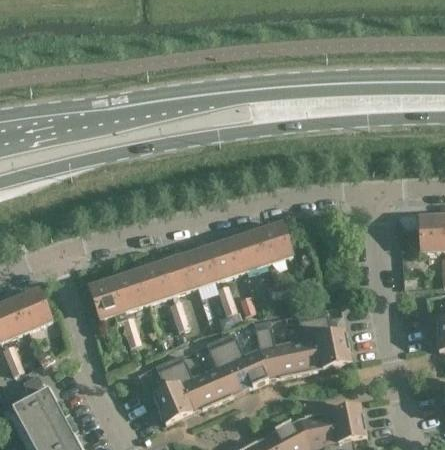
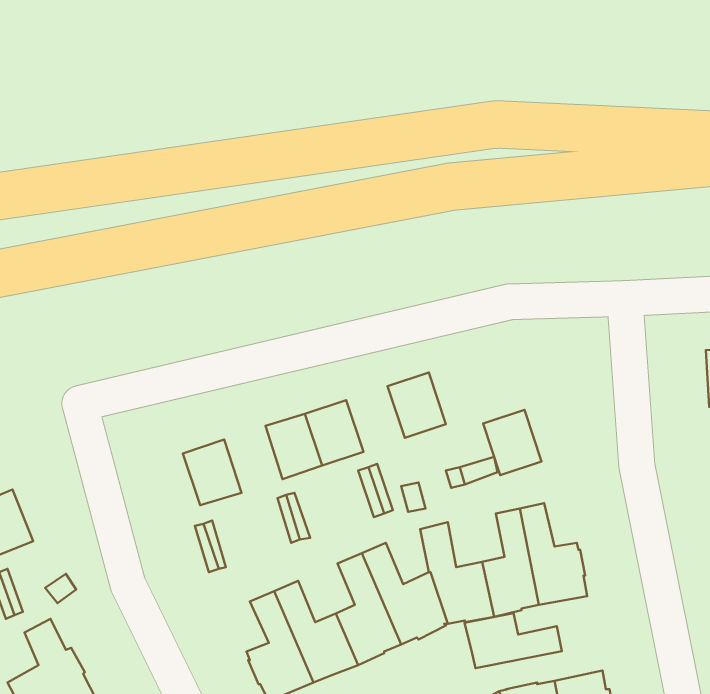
building: [258,223,292,261] -> [483,410,542,475]
building: [210,239,244,277] -> none
building: [139,262,173,301] -> none
building: [91,278,125,317] -> none
building: [16,289,52,329] -> none
building: none -> [465,613,562,668]

